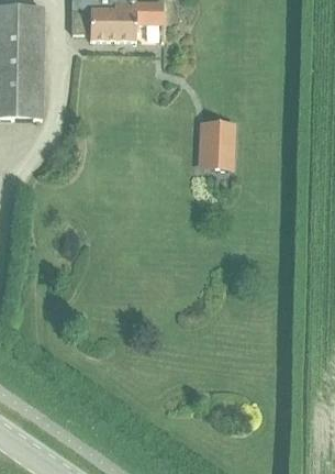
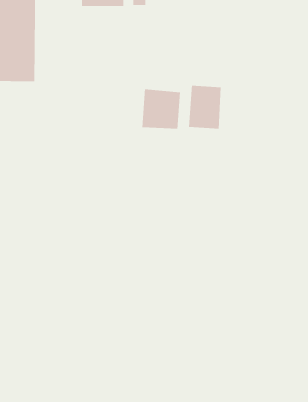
building: none -> [142,89,180,130]

